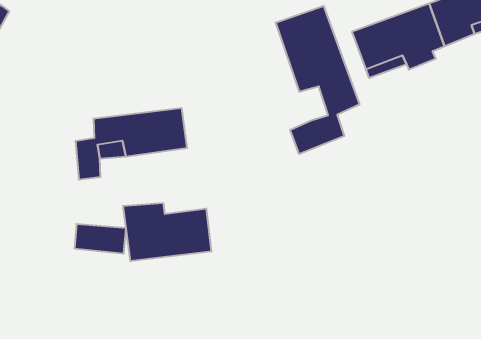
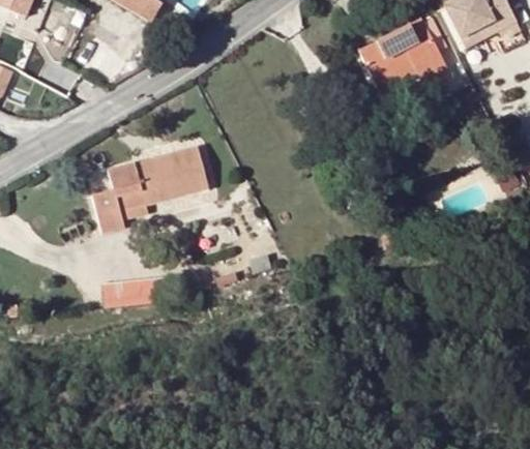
building: [276,6,360,154] -> none
building: [123,203,211,261] -> none

